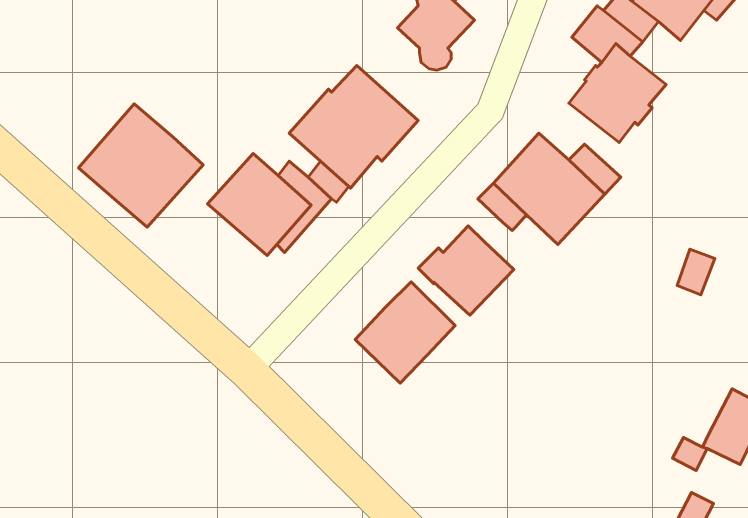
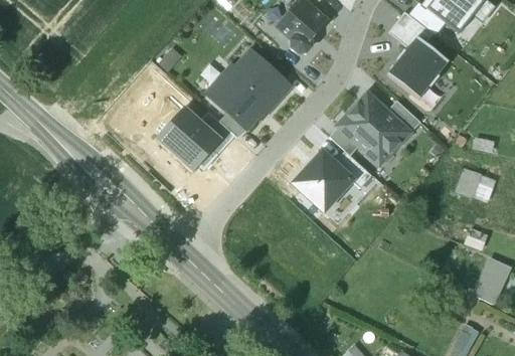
building: [78,104,203,227] -> none
building: none -> [332,151,371,188]
building: [355,282,455,383] -> none

